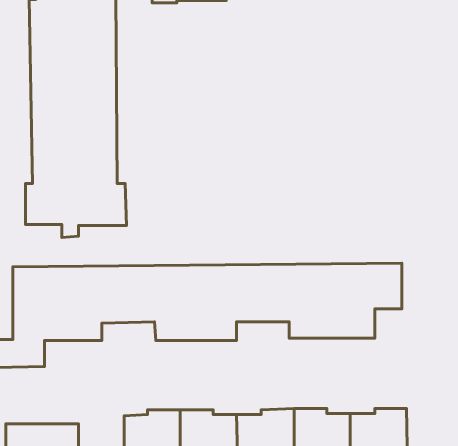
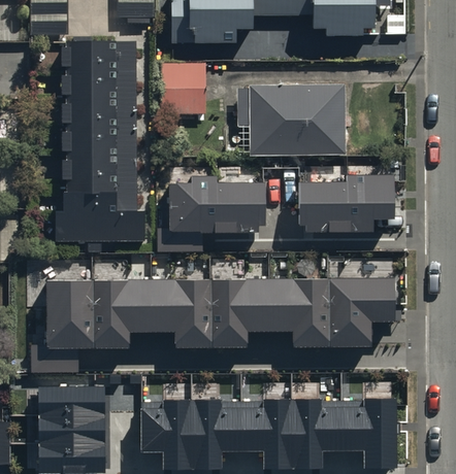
building: none -> [161,58,203,110]
building: none -> [236,77,344,148]
building: none -> [300,175,394,237]
building: none -> [160,184,264,253]
building: none -> [40,386,104,417]

